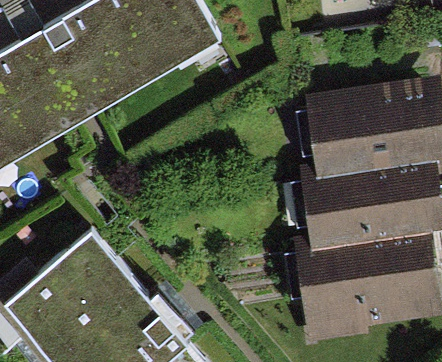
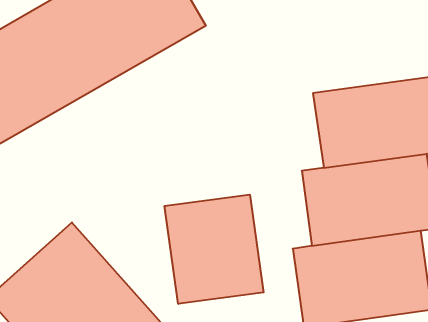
building: none -> [165,195,264,304]

